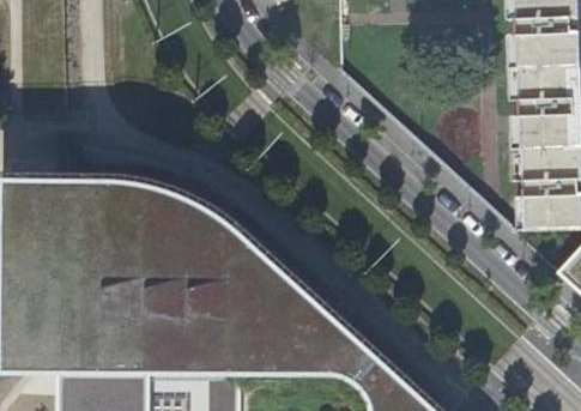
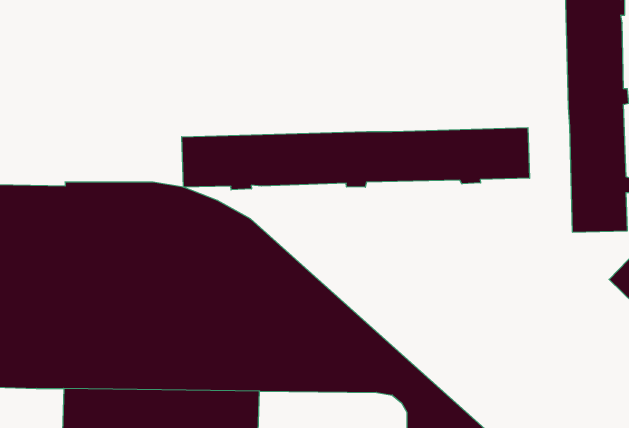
building: none -> [182,128,530,190]

